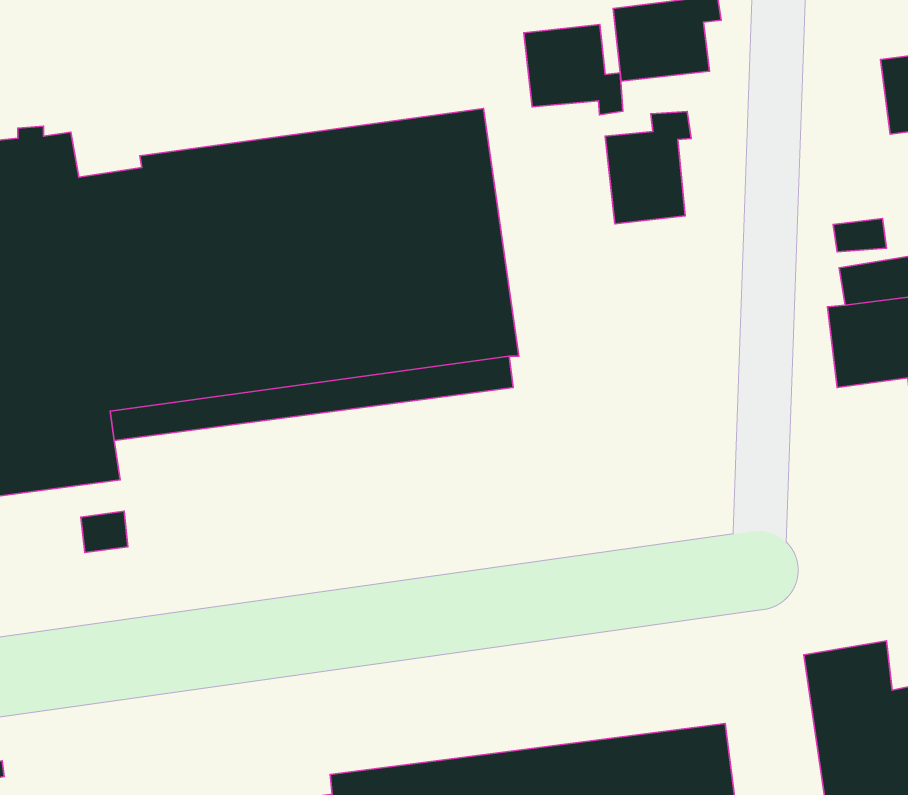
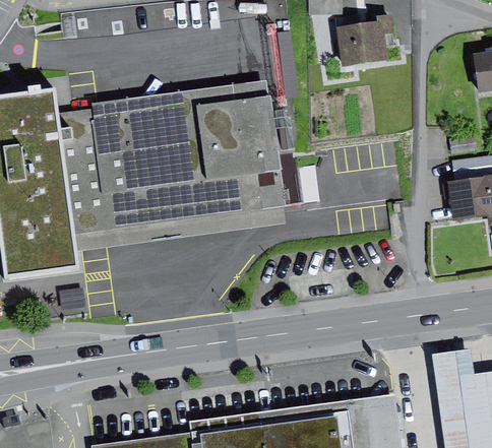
building: [524,24,623,115] -> none
building: [605,112,691,224] -> none

